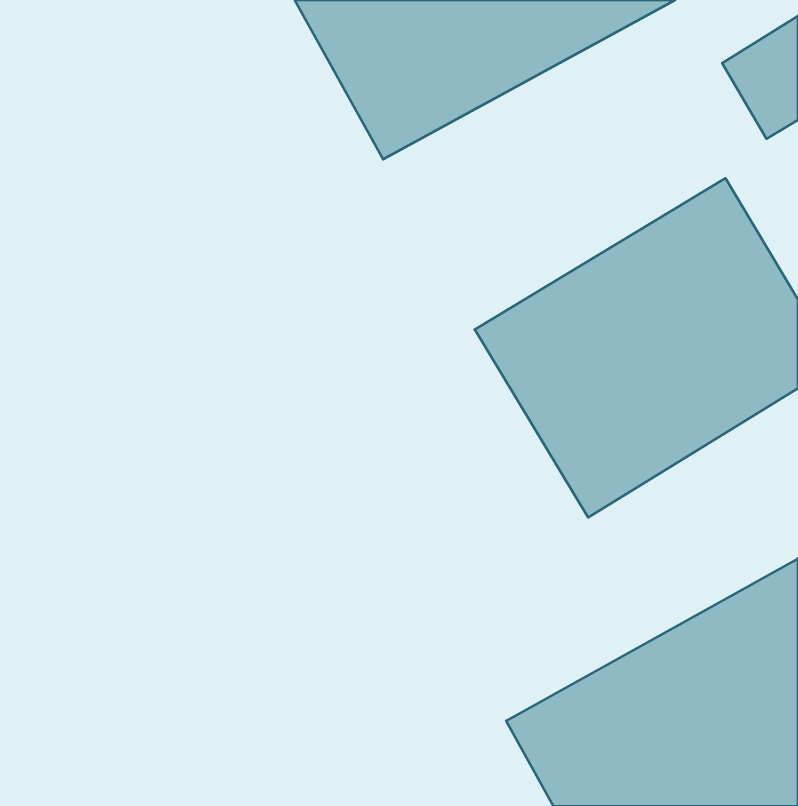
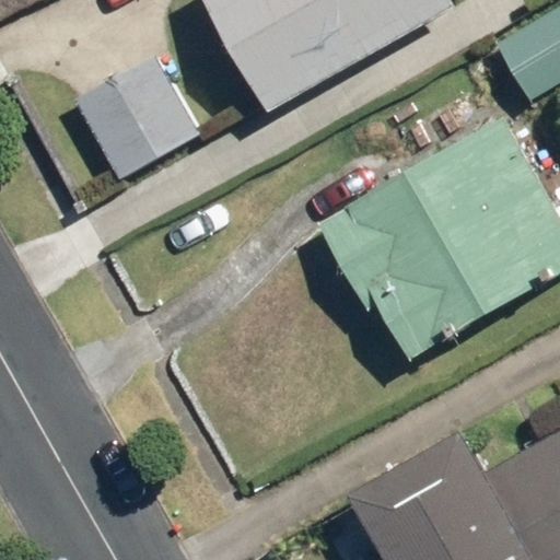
building: none -> [73,59,197,180]

